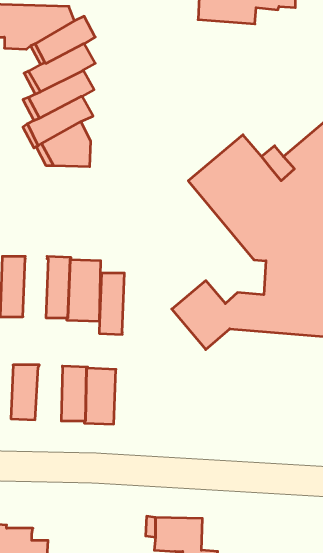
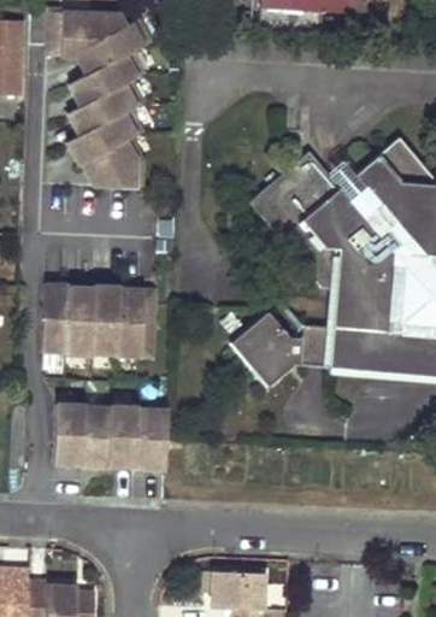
building: [99,273,124,334] -> [66,288,94,355]
building: none -> [79,407,110,468]

